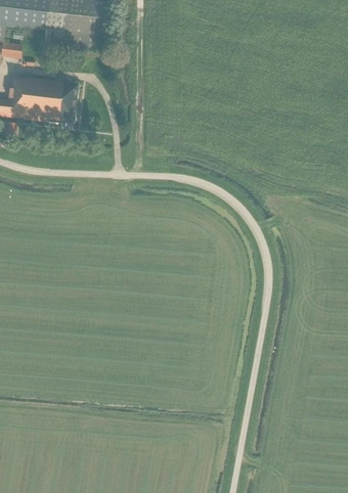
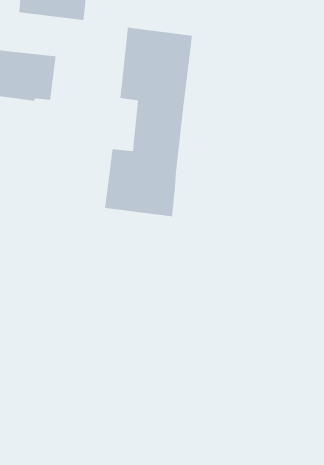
building: none -> [105,27,193,217]

